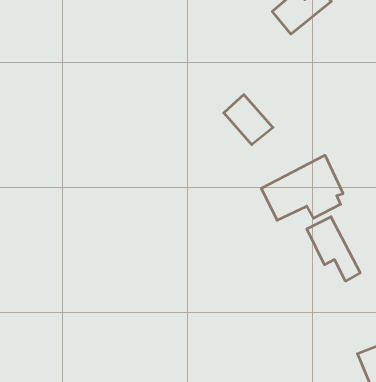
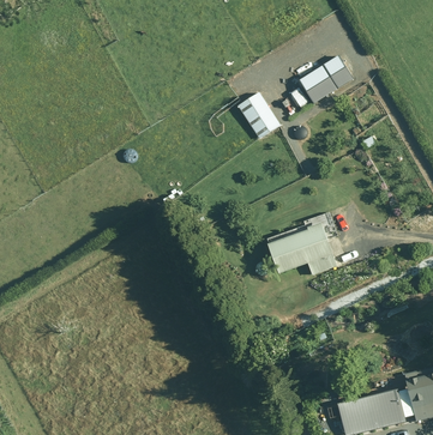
building: [224,95,273,145] -> [237,91,281,138]
building: [307,217,360,281] -> none

